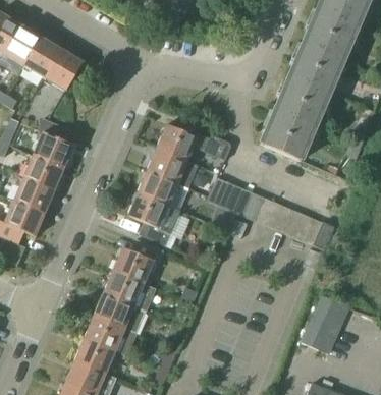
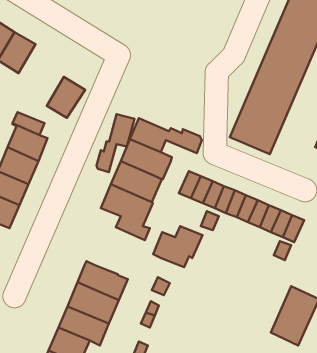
building: [44,50,83,92] -> [47,77,85,118]
building: none -> [96,114,134,172]
building: [113,242,163,284] -> [153,226,202,267]

